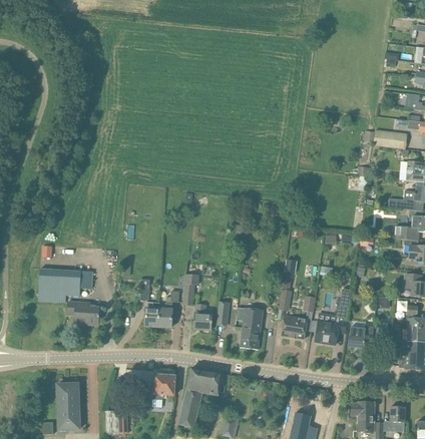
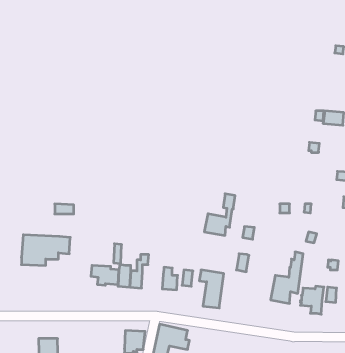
building: [182,273,198,305] -> none
building: [281,293,315,339] -> [204,194,235,235]
building: [67,302,98,324] -> [91,265,119,285]

